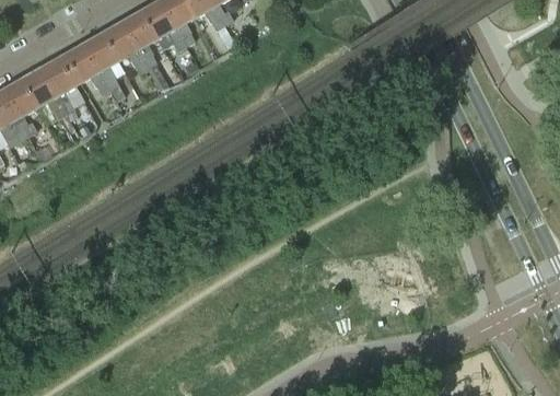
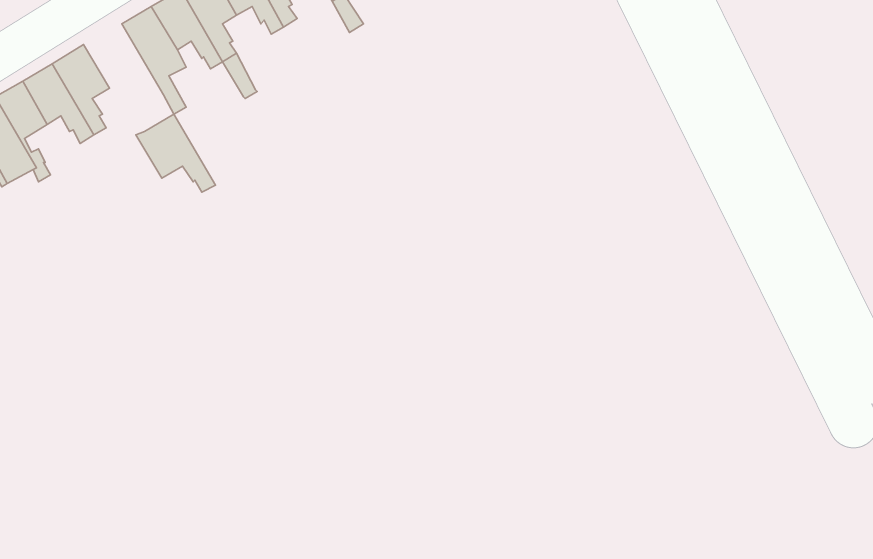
building: [58,44,108,93] -> [136,114,216,192]

